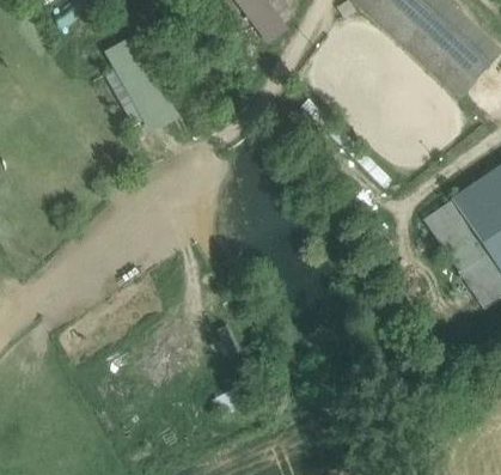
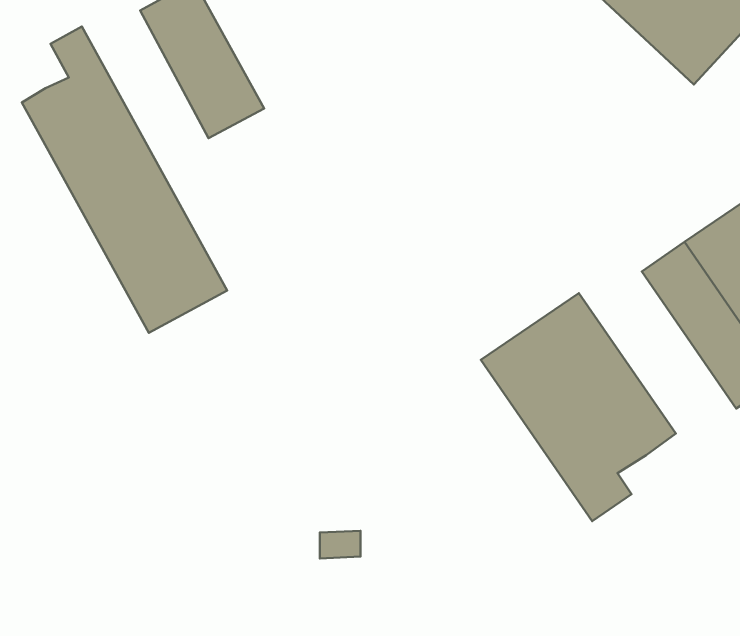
building: none -> [22,26,227,333]
building: none -> [481,293,676,521]

